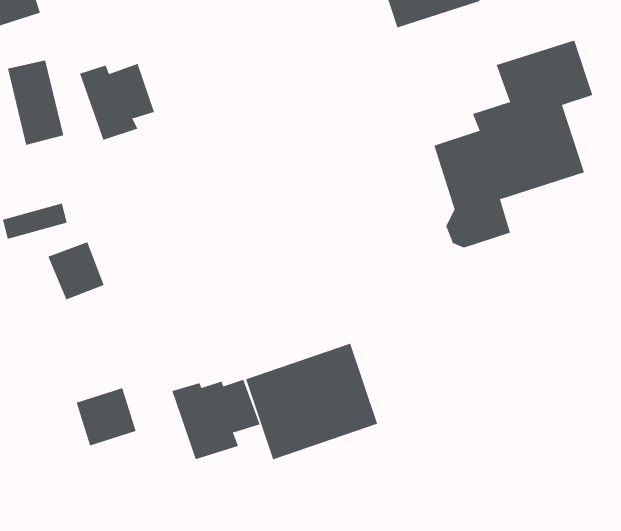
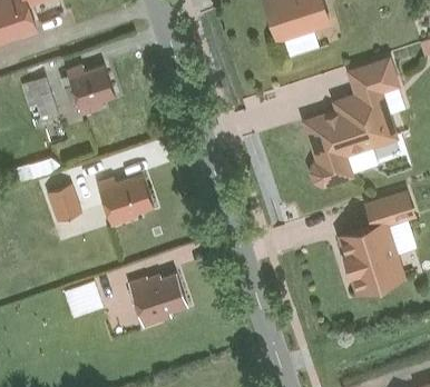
building: none -> [98,177,153,227]
building: none -> [336,191,419,295]
building: [245,343,378,460] -> none

